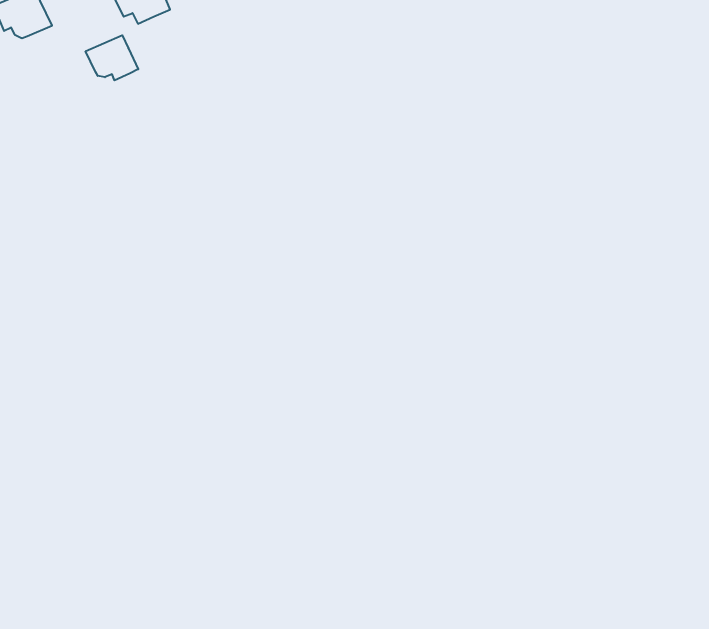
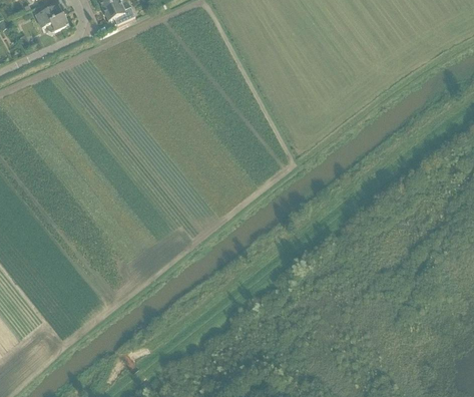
building: [86,35,138,80] -> none

